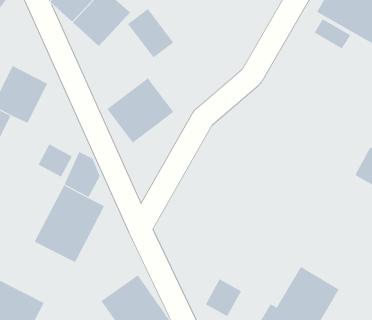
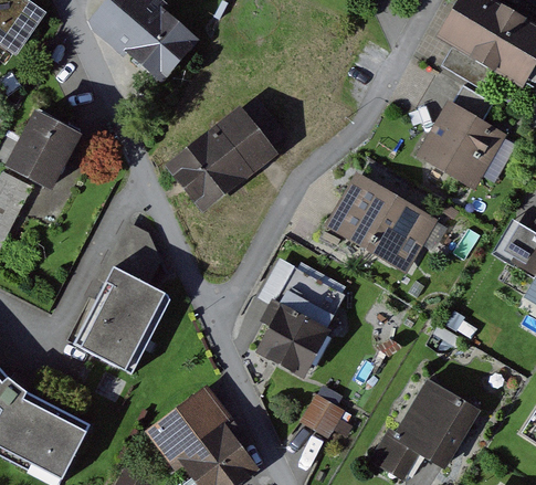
building: [127,8,174,58] -> [221,106,283,172]
building: none -> [421,97,511,190]
building: none -> [333,171,444,272]
building: [38,144,73,178] -> none
building: none -> [244,261,349,375]

